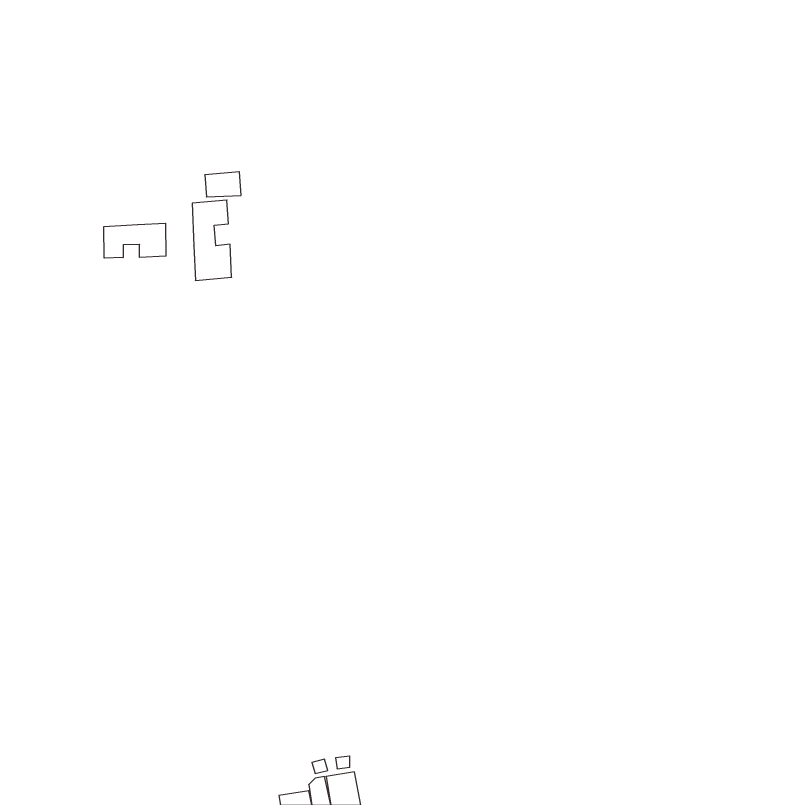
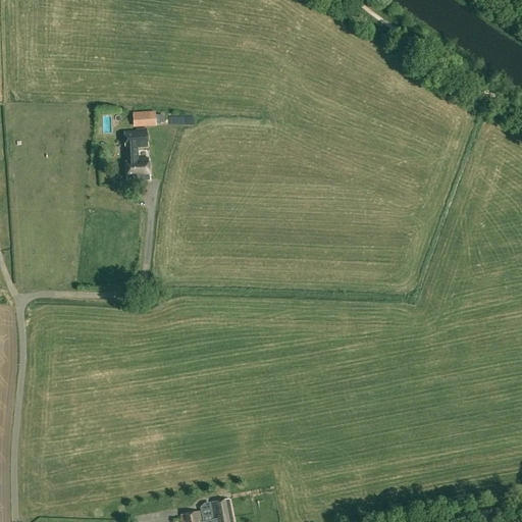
building: [104,223,166,258] -> none

